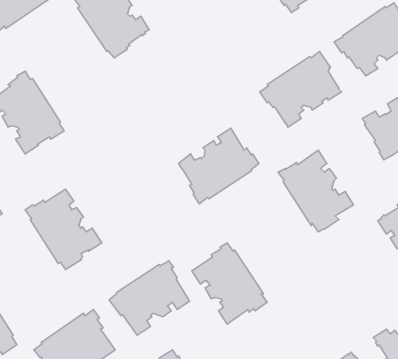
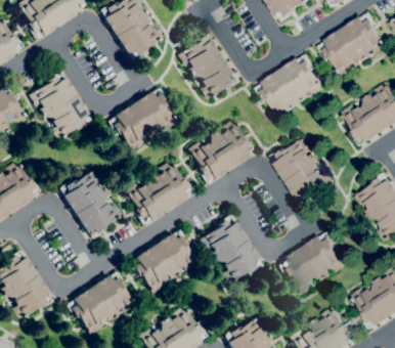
building: none -> [177,31,240,98]
building: none -> [108,88,177,153]
building: none -> [125,161,193,223]
building: none -> [279,232,347,295]

